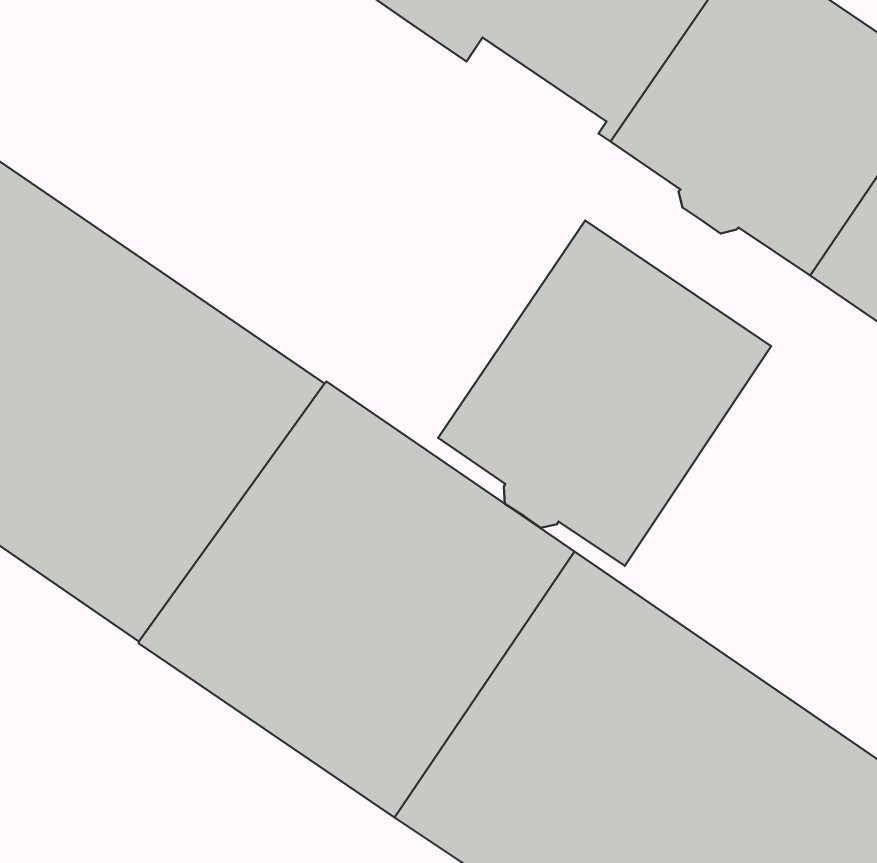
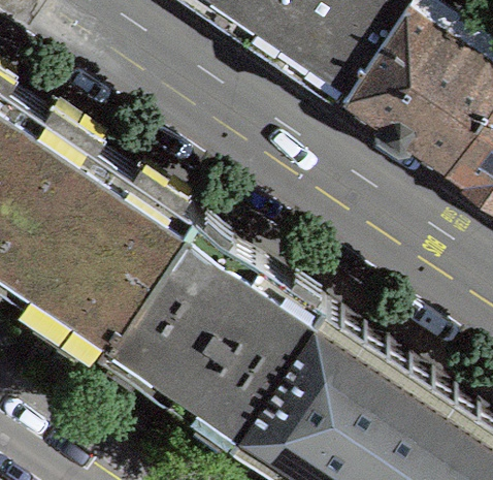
building: [438,220,771,566] -> none

